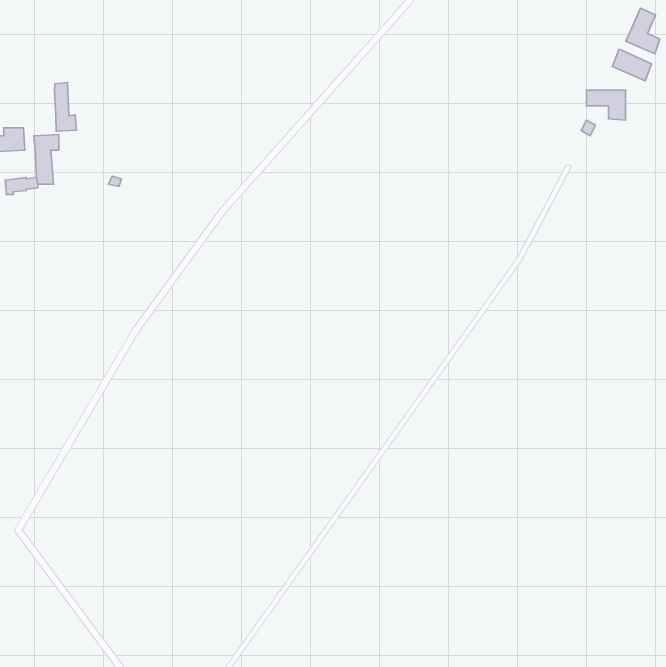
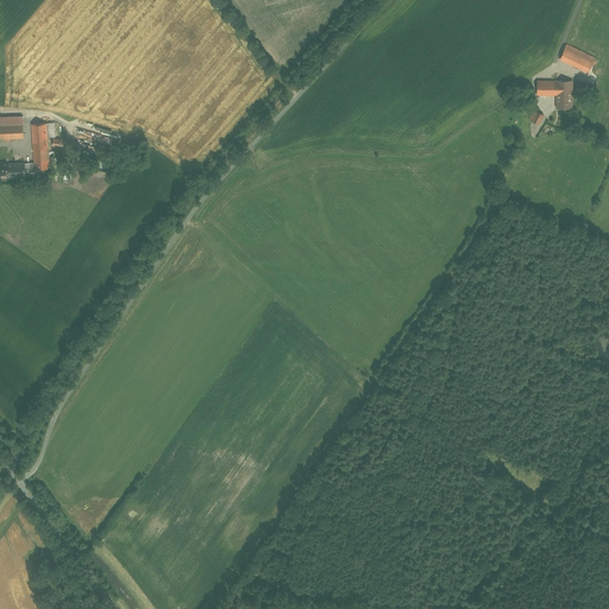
building: [626,8,660,54] -> none
building: [54,82,76,131] -> none

